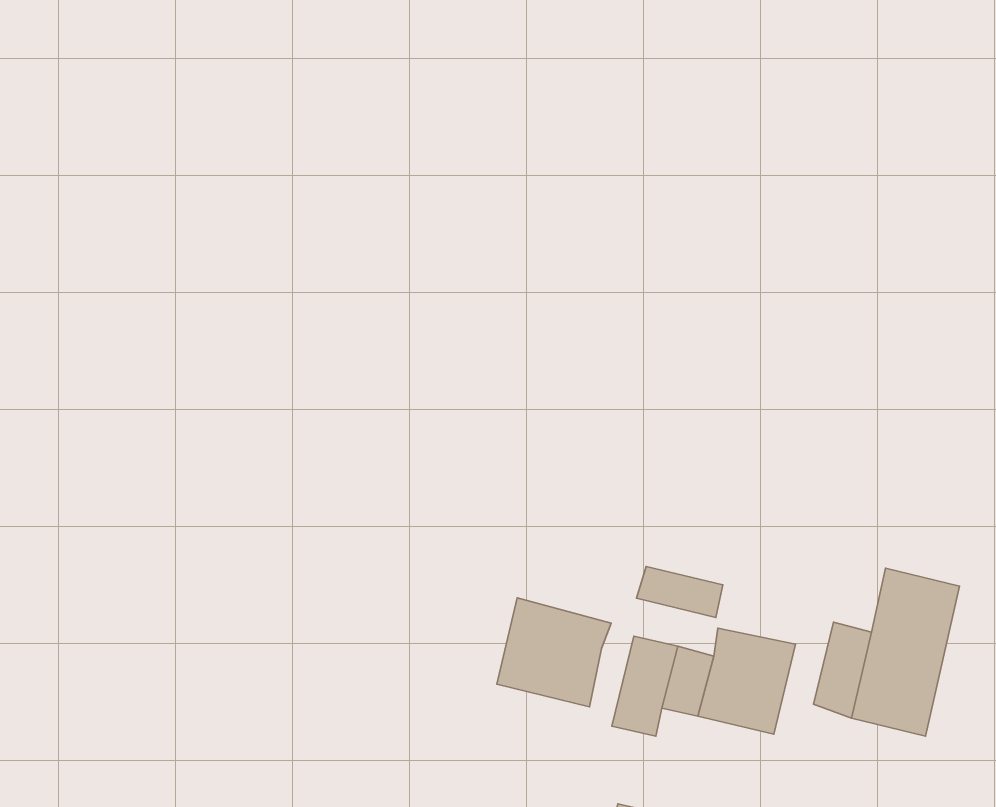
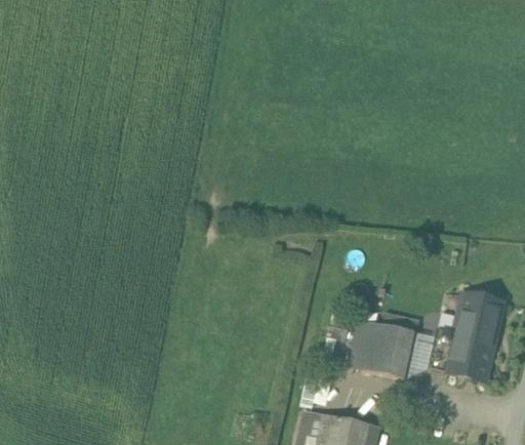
building: [637,566,723,618] -> none
building: [497,598,611,707] -> none

